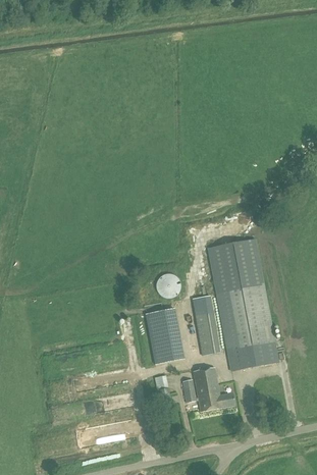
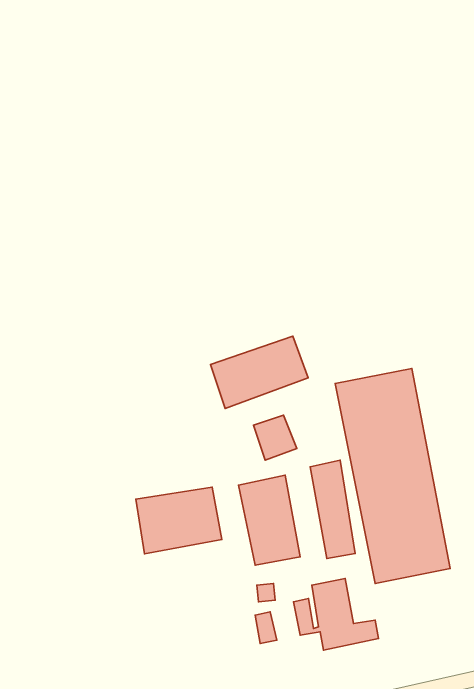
building: none -> [211,336,308,409]
building: none -> [136,487,222,554]

